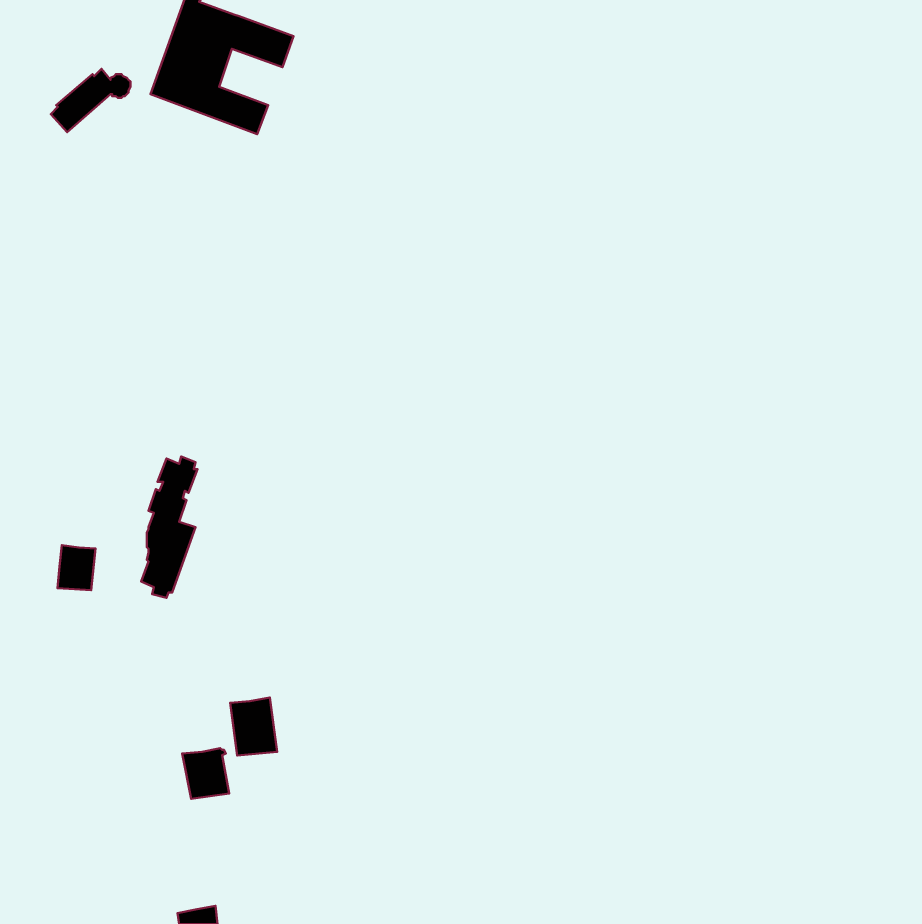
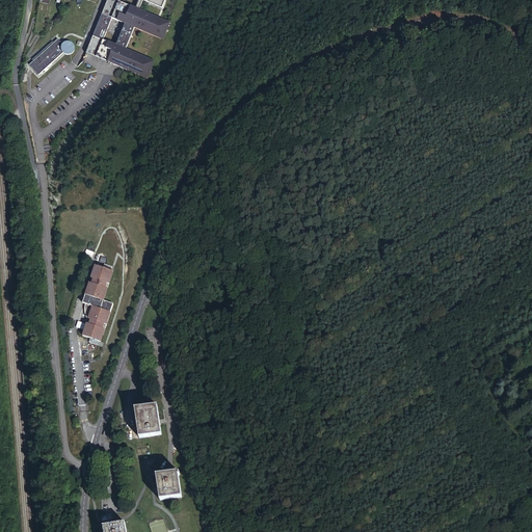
building: [57,545,96,590] -> none
building: [182,748,229,799] -> [154,467,181,496]

